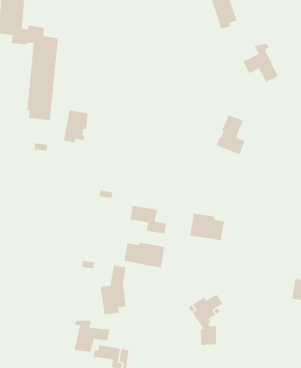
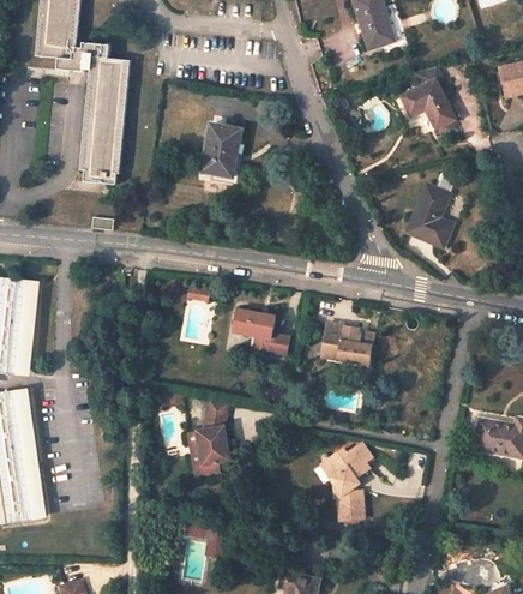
building: [63,109,89,143] -> [202,124,240,174]
building: [216,114,245,155] -> [407,185,451,246]
building: [124,242,165,268] -> none
building: [74,320,110,352] -> none

